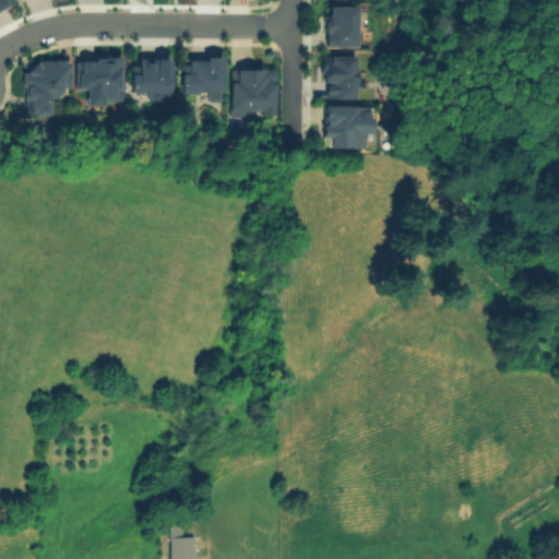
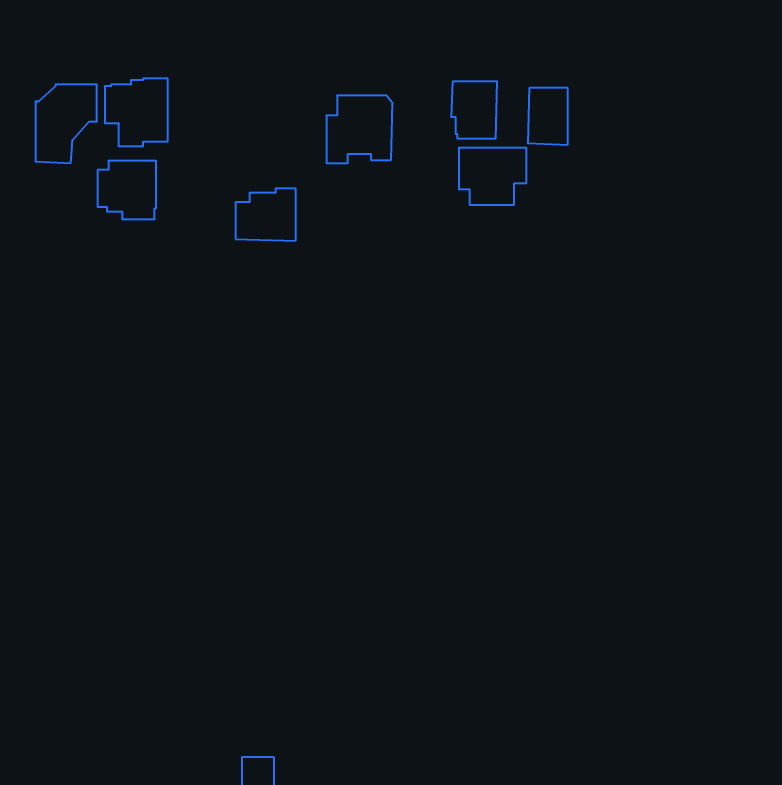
building: [328,9,356,49] -> [528,88,568,145]
building: [185,57,227,94] -> [236,188,296,241]
building: [131,59,173,100] -> [98,161,156,219]

